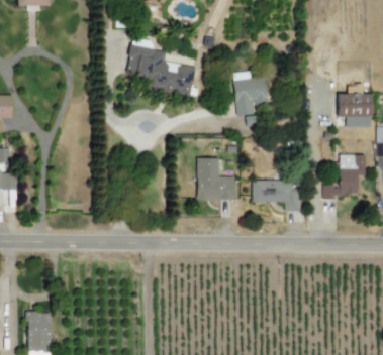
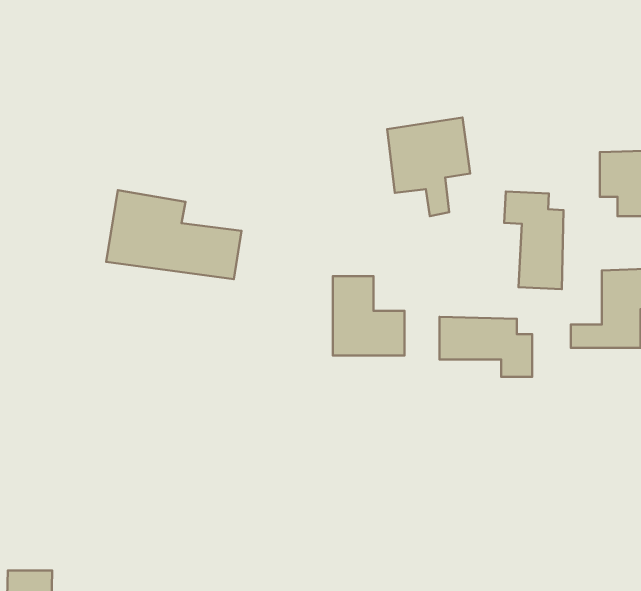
building: [125,44,196,91] -> [106,190,242,279]
building: none -> [504,191,564,289]

